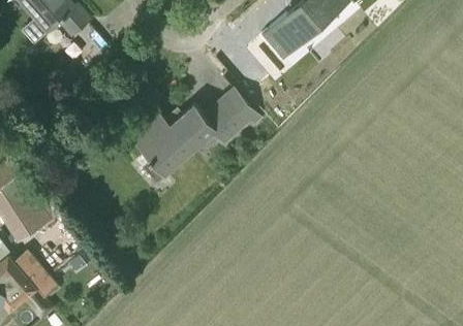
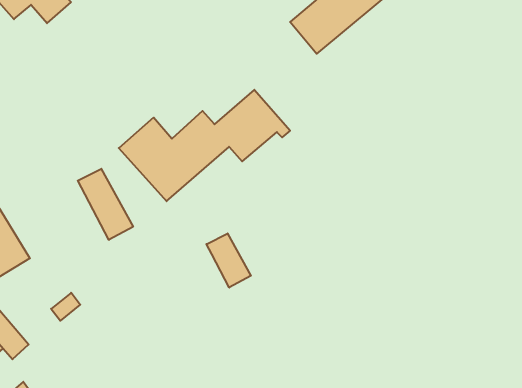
building: none -> [78,169,133,240]
building: none -> [206,233,251,288]

